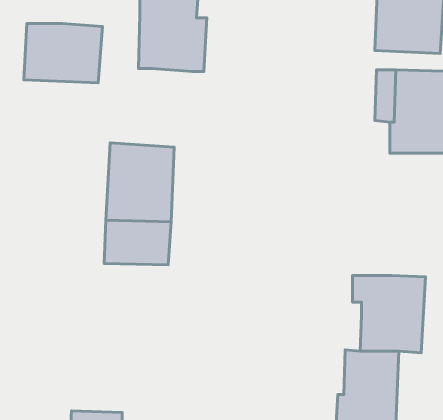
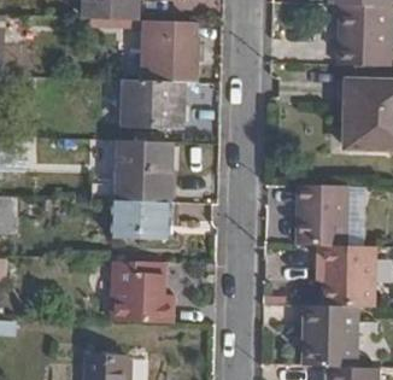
building: [24,23,103,83] -> [122,78,186,127]
building: none -> [295,185,348,246]
building: none -> [110,262,178,325]

